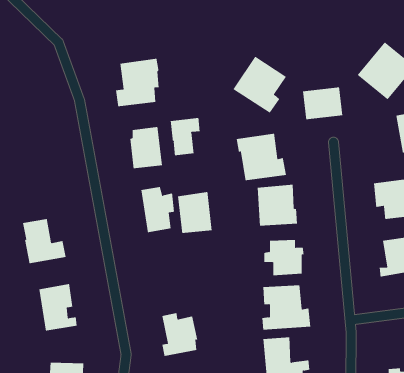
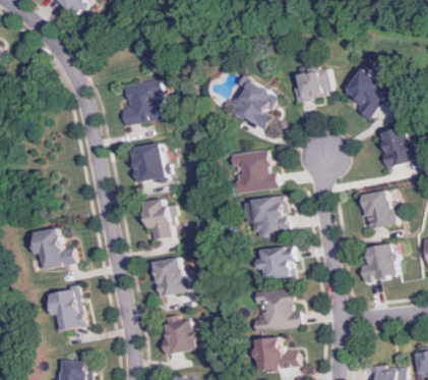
building: [302,87,343,120] -> [294,69,331,100]
building: [170,117,200,156] -> none
building: [177,192,212,234] -> [154,257,186,295]

